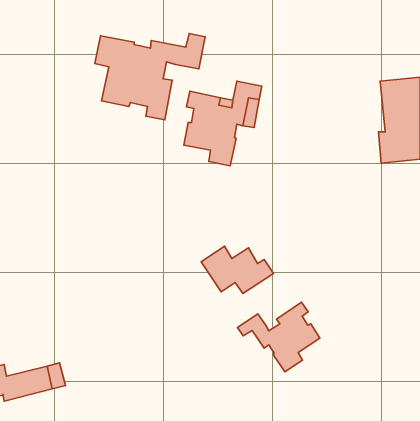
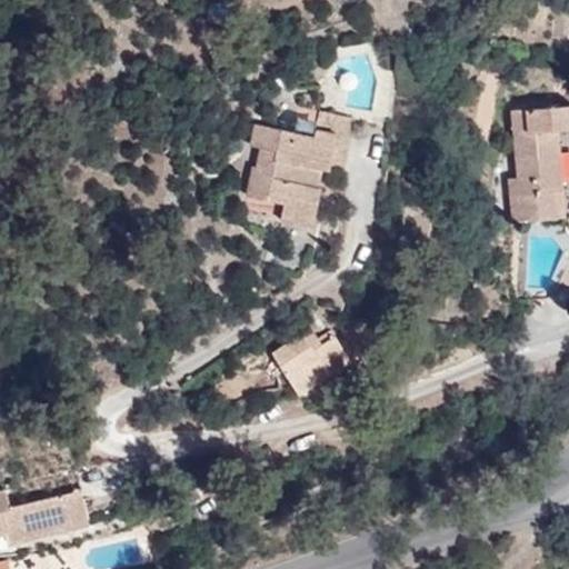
building: [95,34,205,120] -> none
building: [238,302,320,372] -> none

